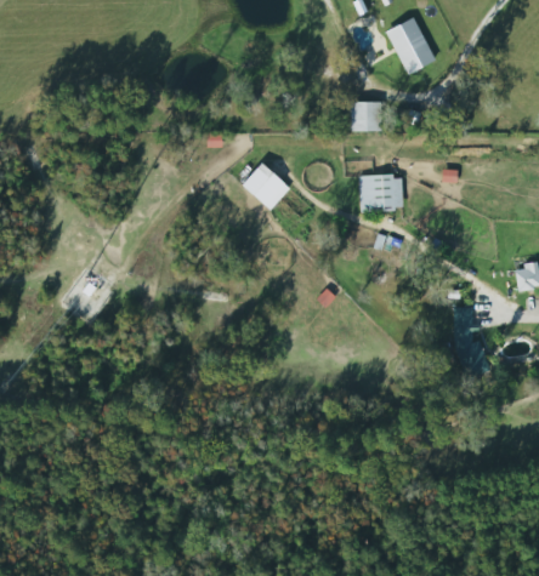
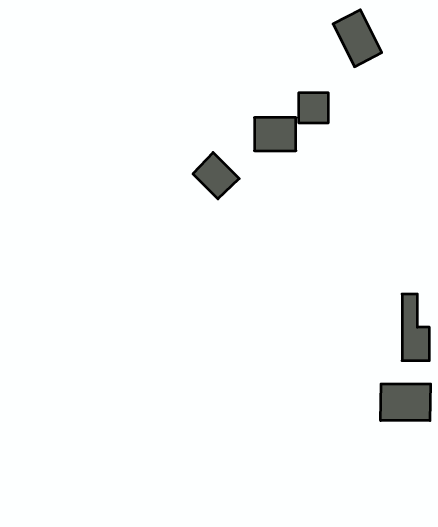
building: [359,175,402,209] -> [254,118,296,151]
building: none -> [381,384,431,421]

